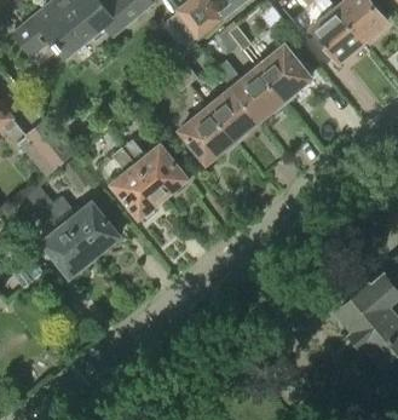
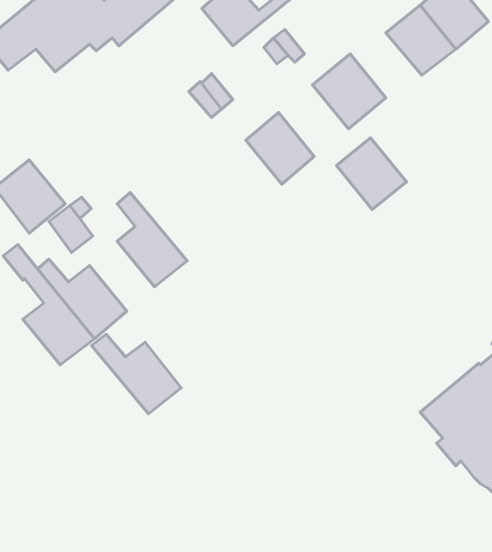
building: [231,68,283,121] -> [336,138,406,209]
building: [179,109,233,163] -> none
building: [121,139,188,199] -> [91,334,181,414]

